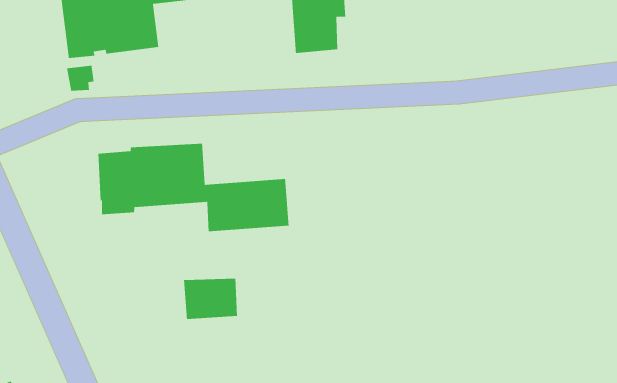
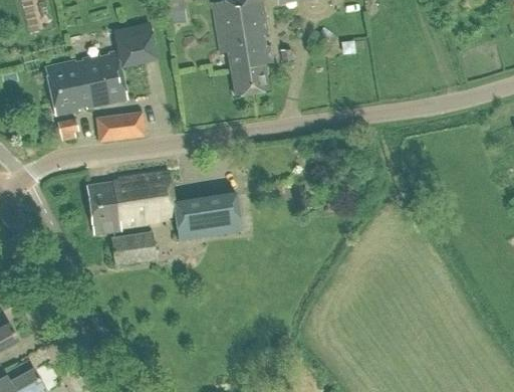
building: none -> [97,111,146,140]
building: [183,278,238,320] -> [111,229,157,265]

